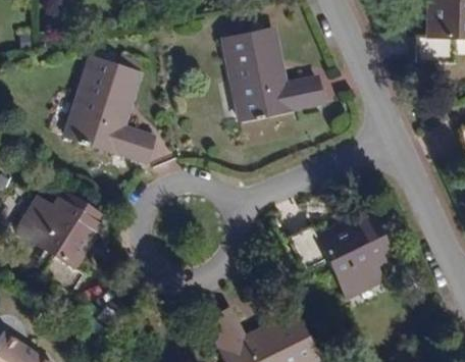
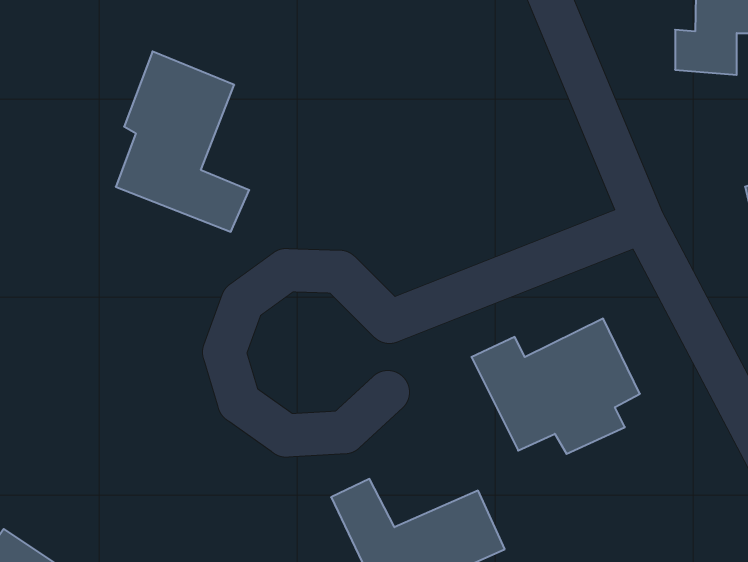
building: [223,33,324,122] -> none
building: [17,188,103,290] -> none

